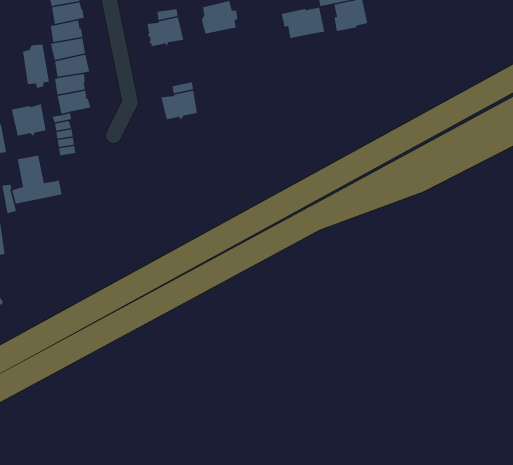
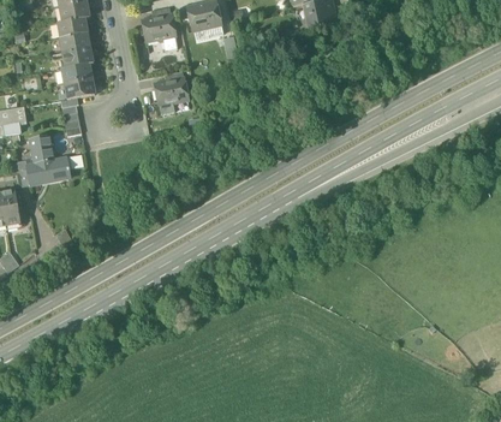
building: [281,7,325,39] -> none
building: [22,44,50,89] -> none
building: [11,103,47,137] -> none

